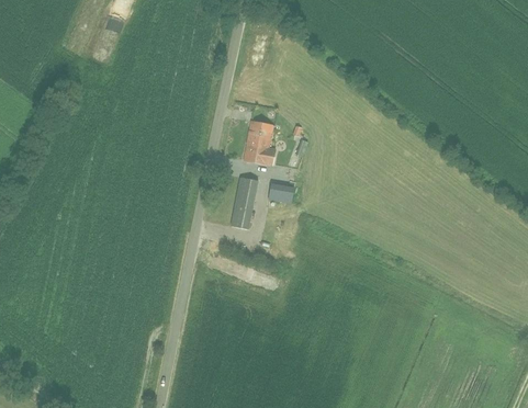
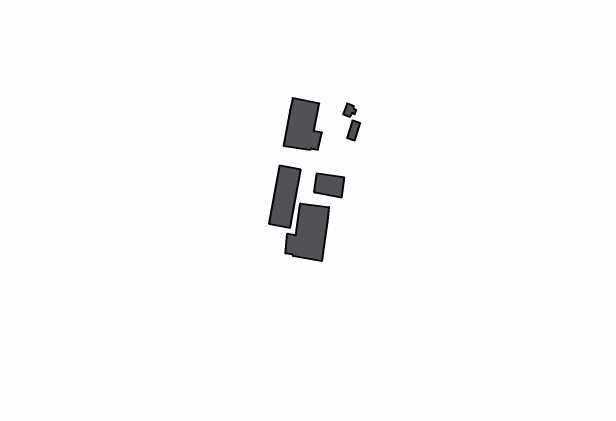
building: none -> [285,203,329,261]

